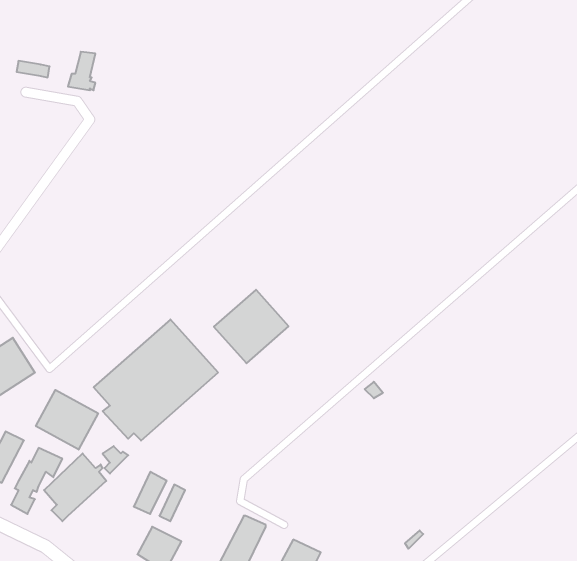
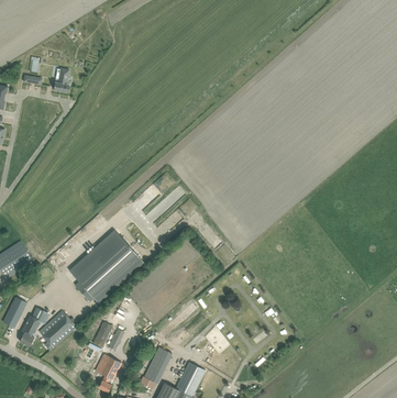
building: [214,290,288,363] -> none
building: [36,390,98,450] -> none

